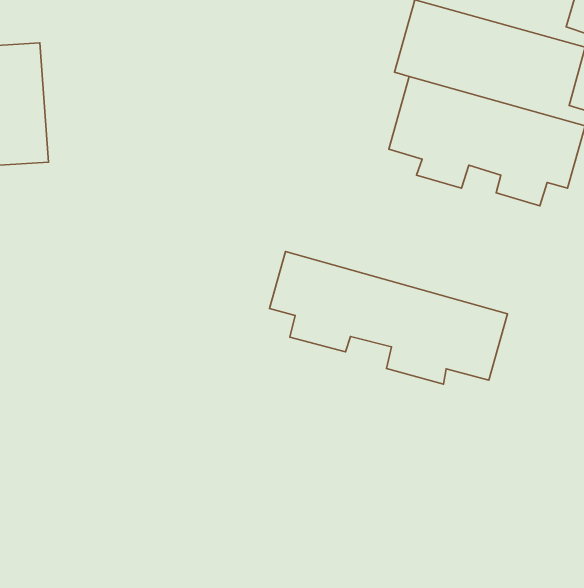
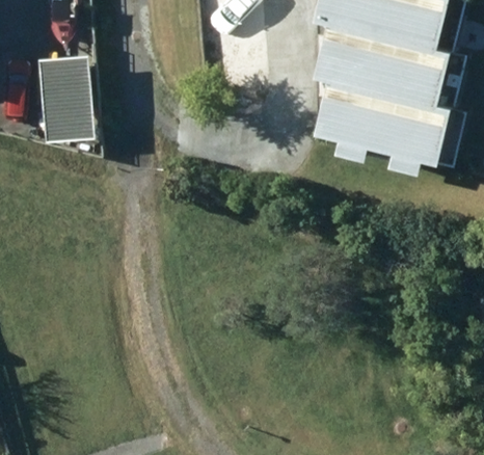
building: [269,251,508,384] -> none

